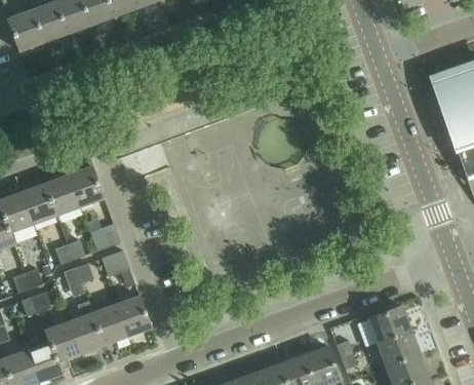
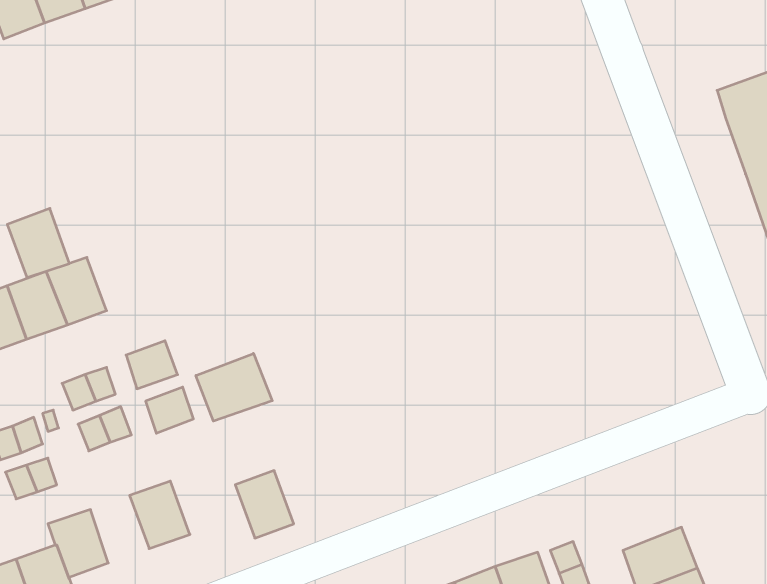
building: [68,166,104,206] -> [7,208,69,278]
building: none -> [196,353,272,421]
building: [116,297,150,336] -> [235,471,294,538]
building: [368,307,411,345] -> none
building: [70,313,104,352] -> none

